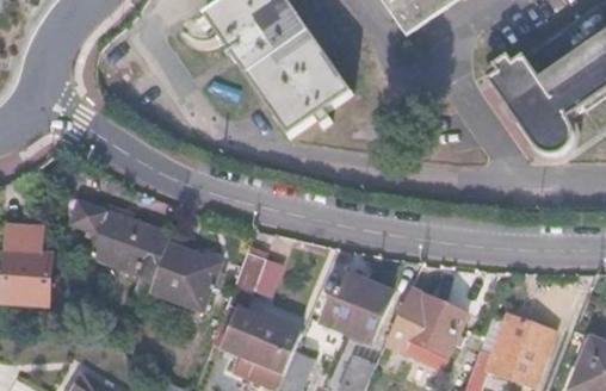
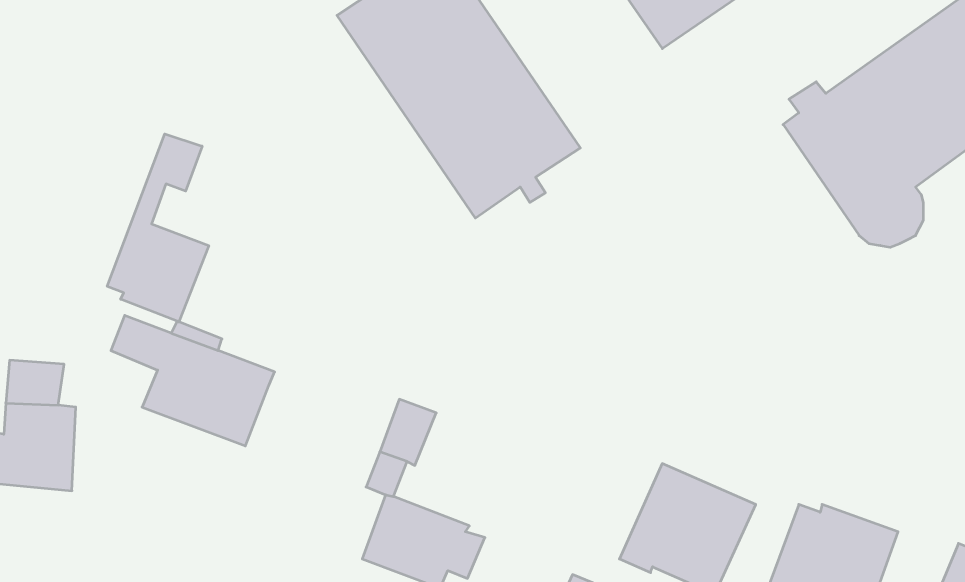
building: none -> [107,134,209,322]
building: [148,241,219,310] -> none
building: [321,272,390,341] -> none

